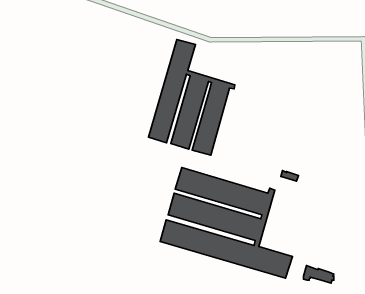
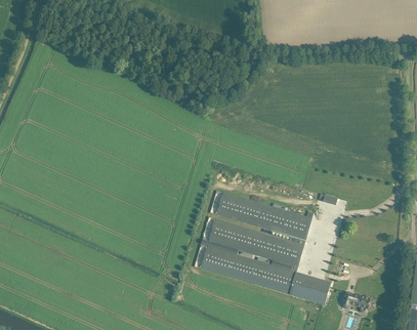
building: [149,40,235,155] -> none

